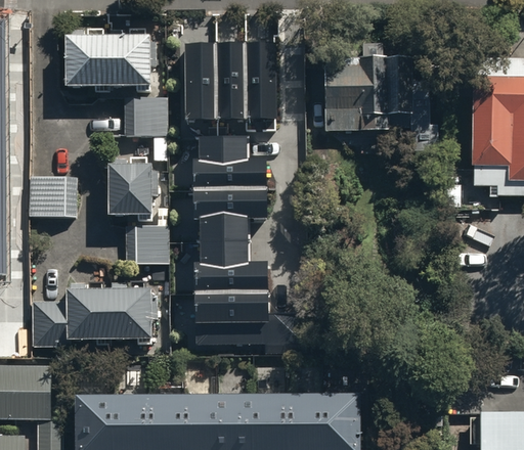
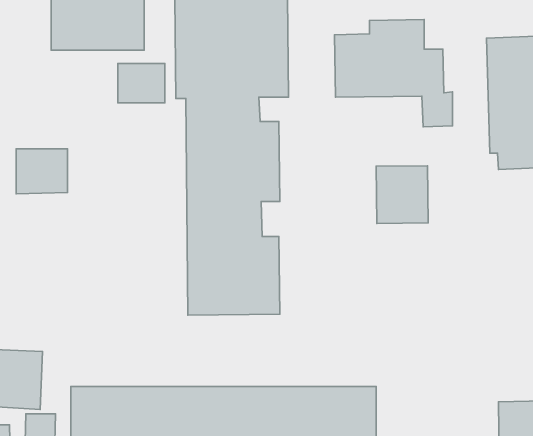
building: [107,162,149,212] -> none
building: none -> [376,166,428,224]
building: [127,223,170,262] -> none
building: [31,284,151,348] -> none

